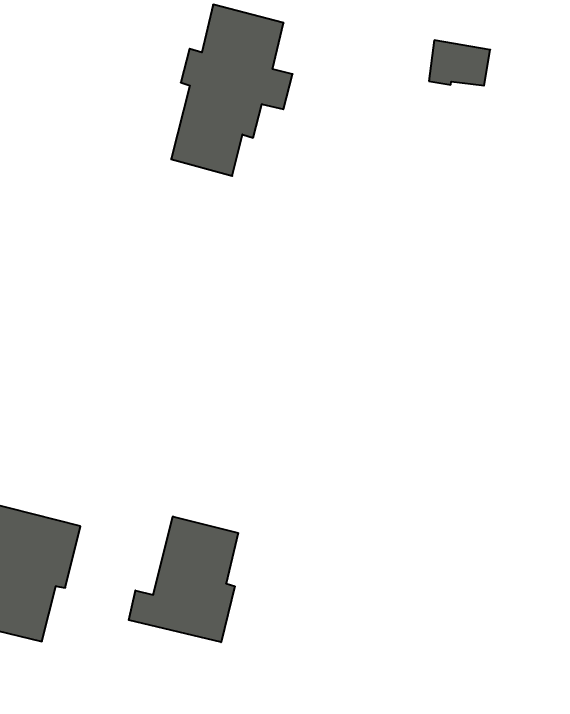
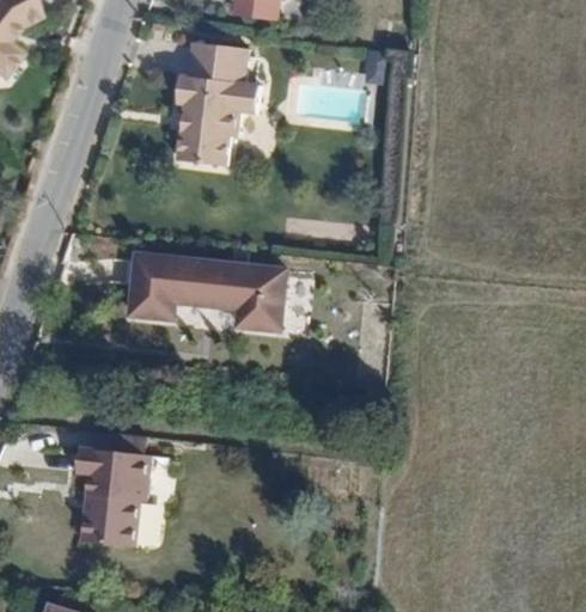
building: none -> [127,251,282,325]
building: [129,516,238,642] -> none

